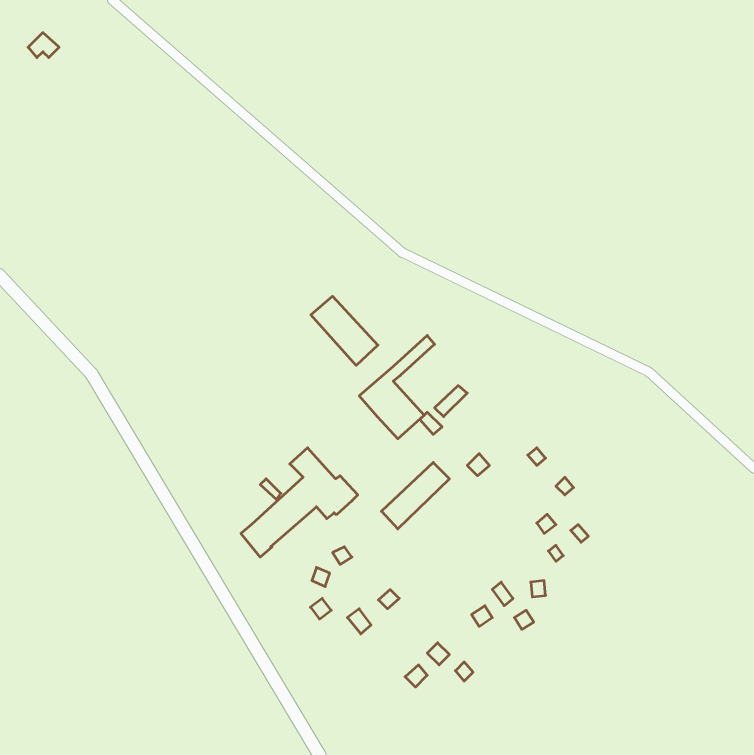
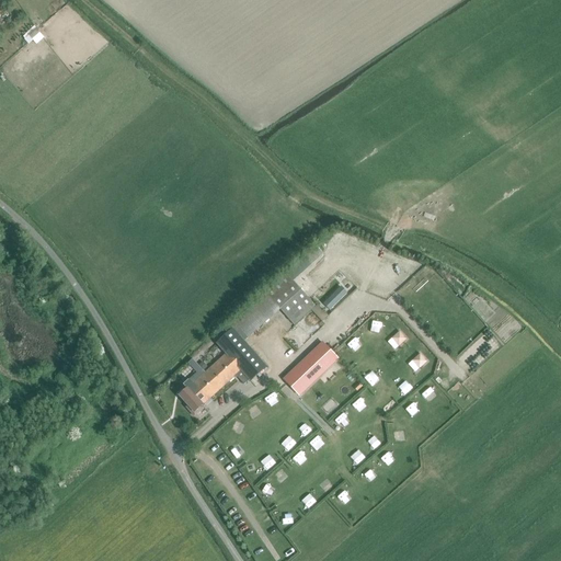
building: [311,296,378,365] -> none

